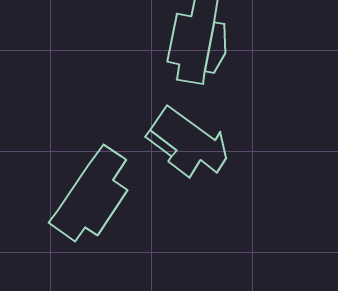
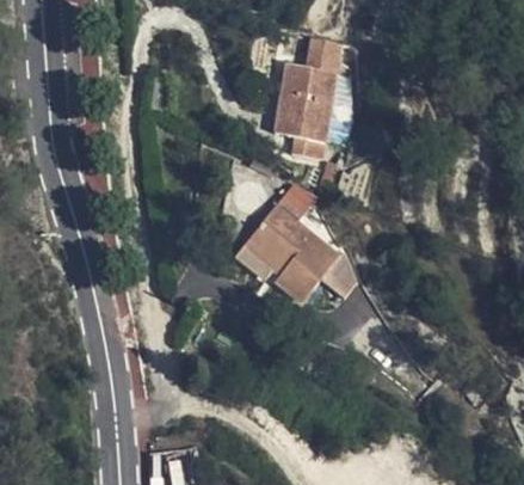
building: [49,144,128,242] -> none

